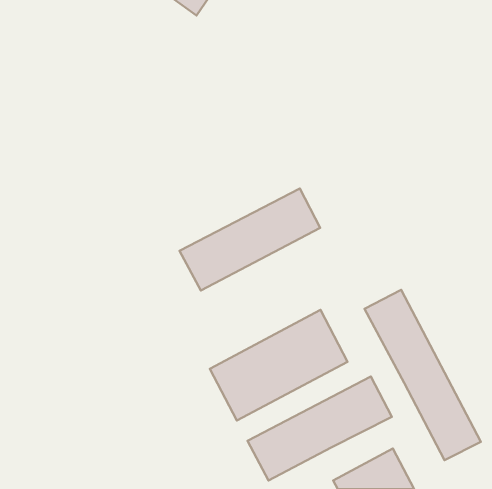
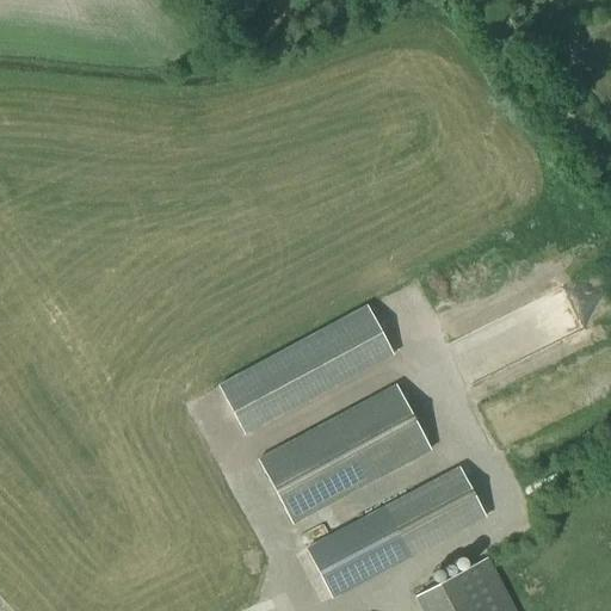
building: [180,188,320,290] -> [221,306,395,432]
building: [364,290,481,460] -> none

